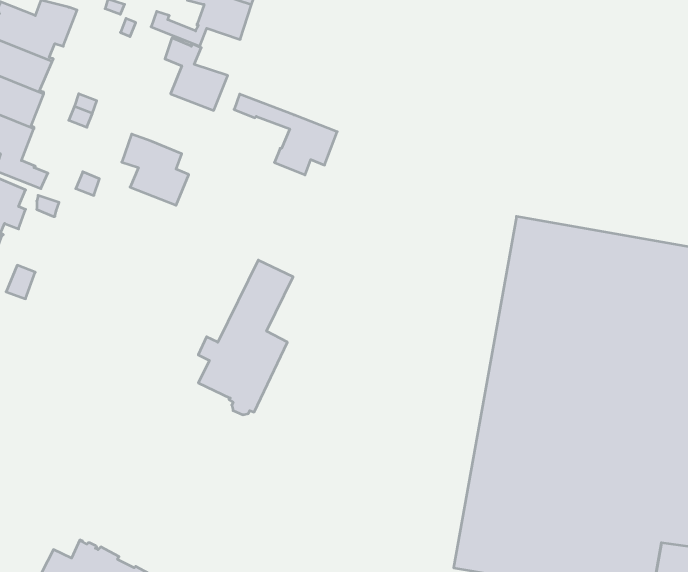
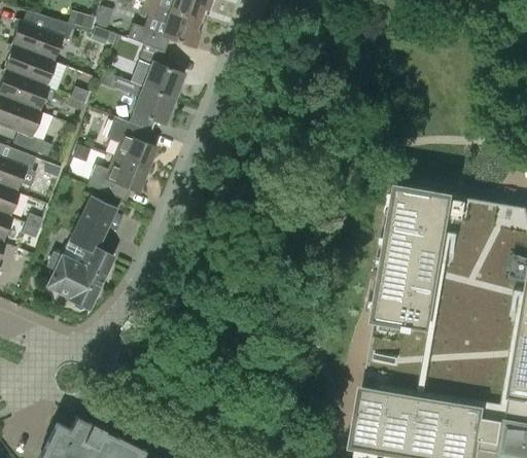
building: [234,94,337,175] -> [99,72,175,132]
building: none -> [87,156,147,201]
building: [198,260,293,415] -> [47,196,117,310]

